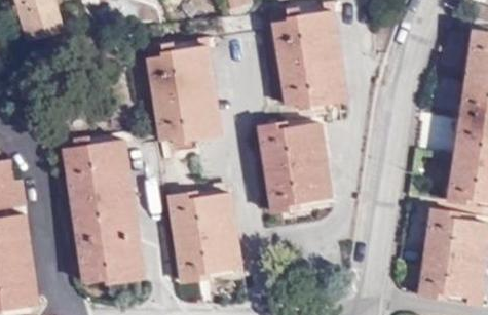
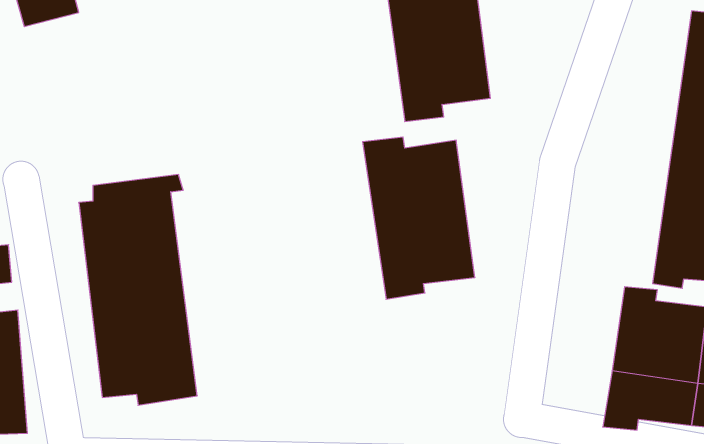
building: [145,39,216,147] -> none
building: [168,186,239,282] -> none

